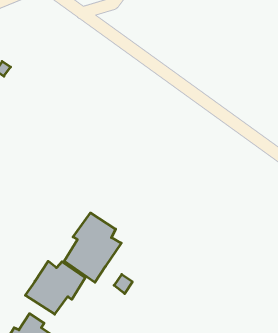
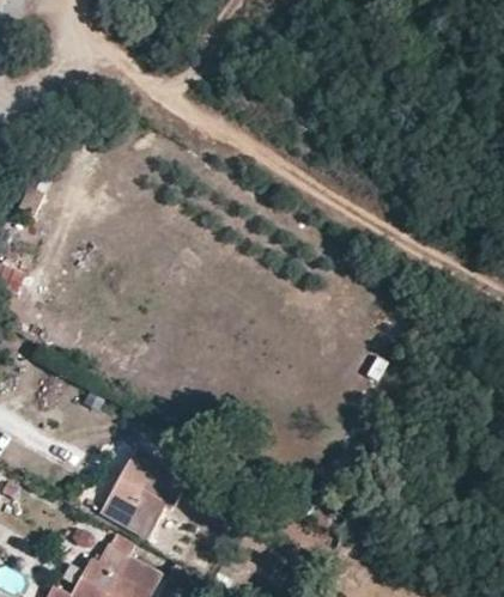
building: [64,213,121,282] -> none

